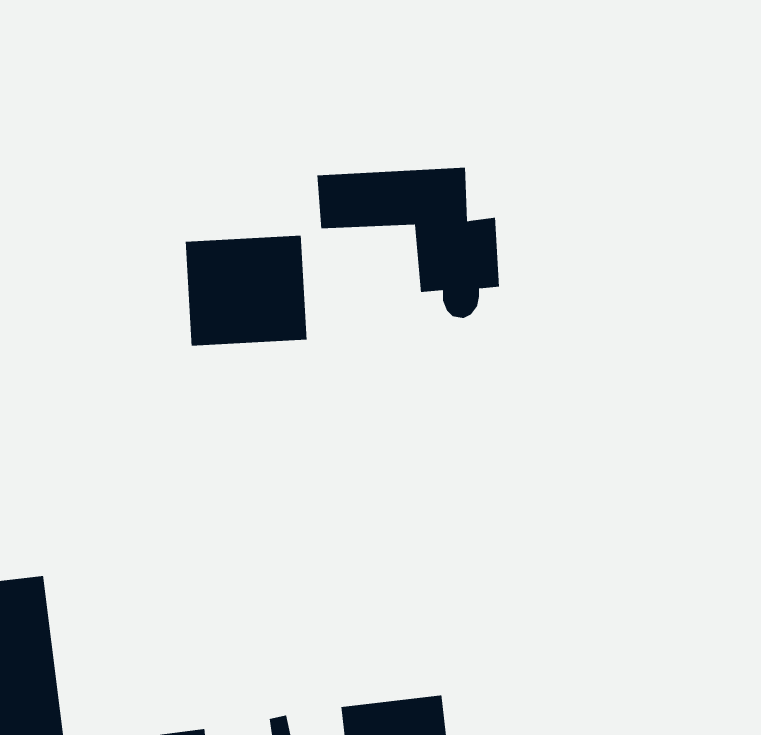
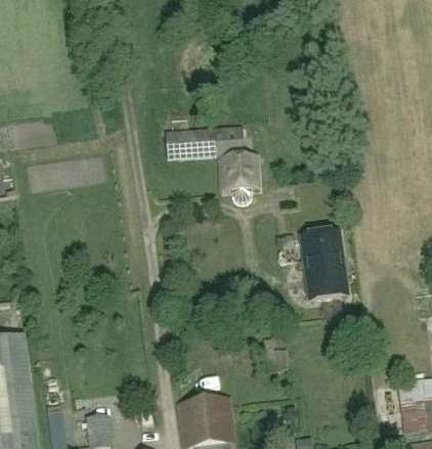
building: [185,235,307,346] -> none
building: none -> [302,230,348,299]

